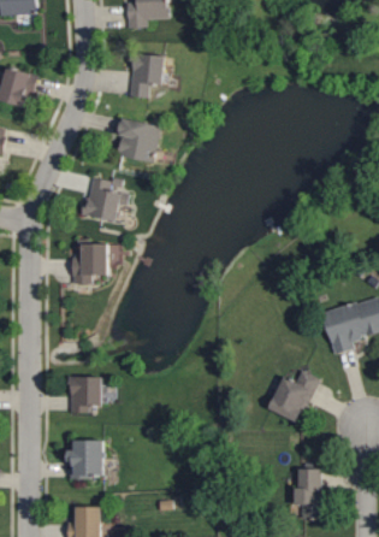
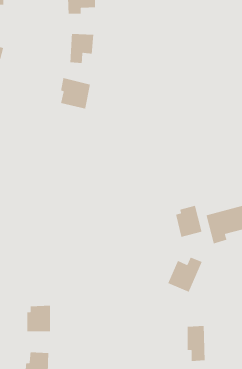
building: [84,177,122,220] -> none
building: [75,243,108,284] -> none
building: none -> [175,205,203,238]
building: [70,376,102,413] -> none

